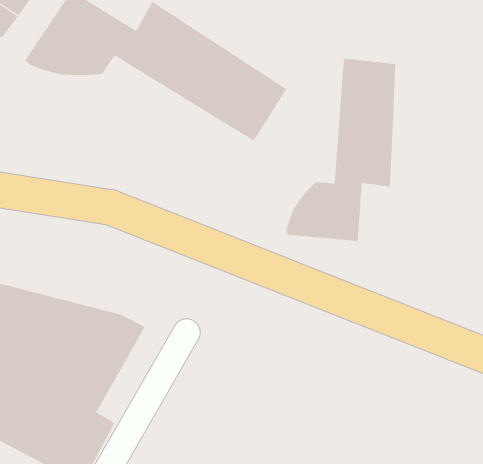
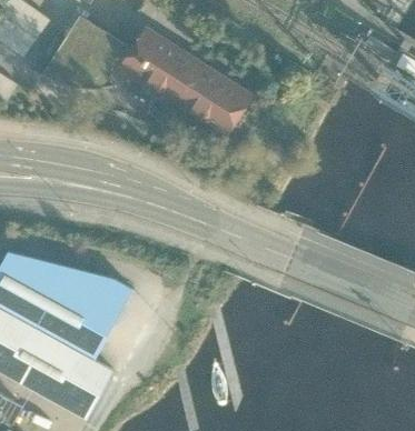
building: [286,58,396,242] -> none

